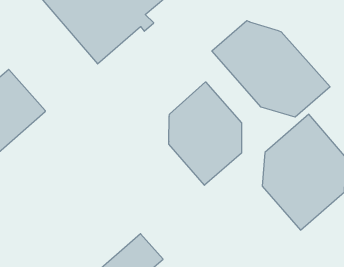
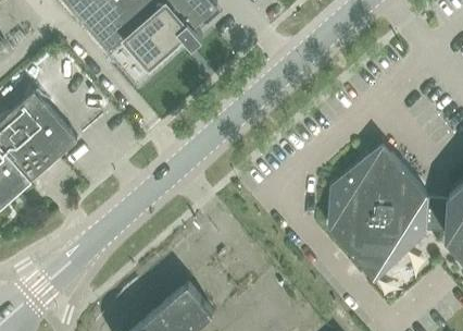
building: [212,21,330,117] -> none
building: [169,82,242,185] -> none

